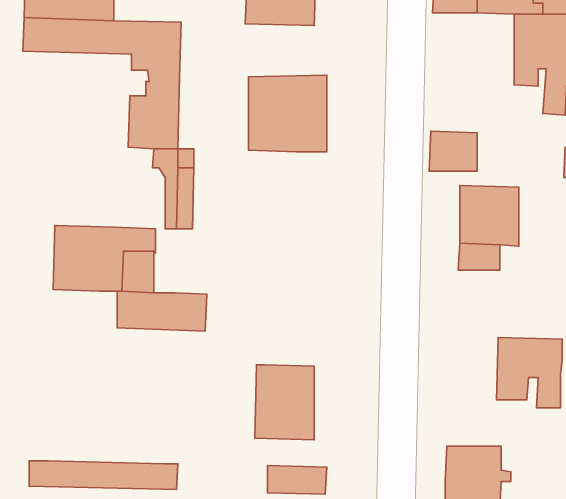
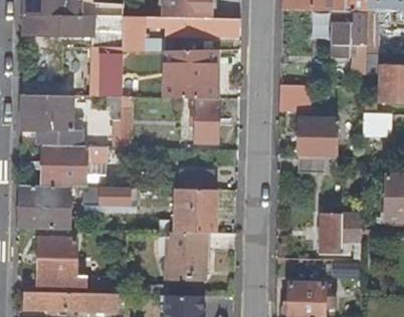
building: none -> [122,16,240,50]
building: none -> [21,93,80,144]
building: none -> [189,99,217,140]
building: none -> [19,183,71,228]
building: none -> [175,188,216,232]
building: none -> [39,237,112,293]

